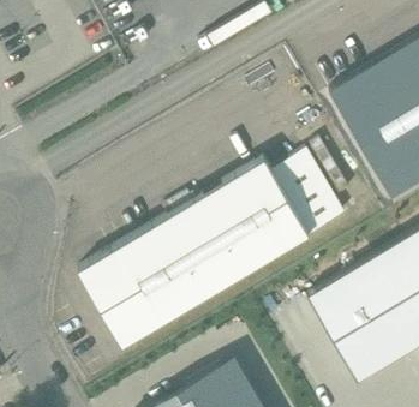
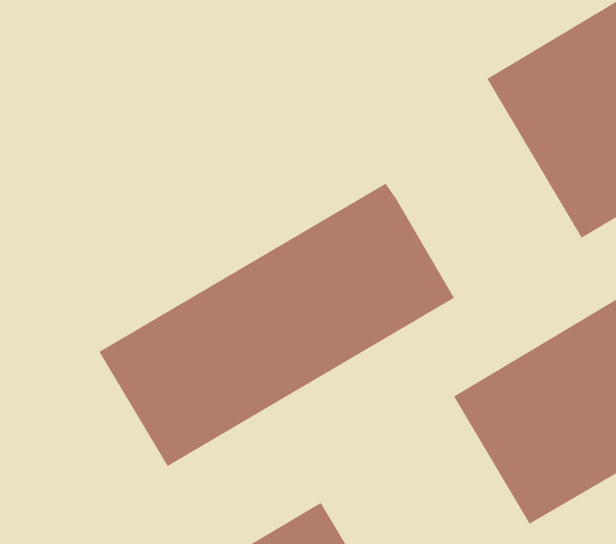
building: [271,151,342,234] -> none

